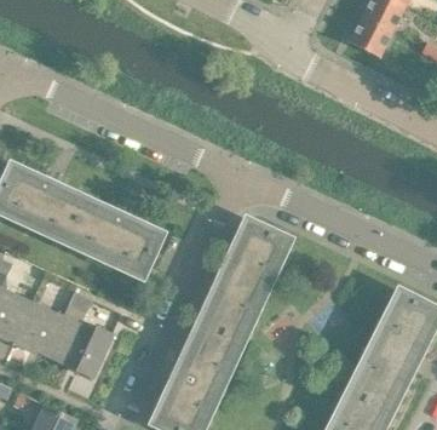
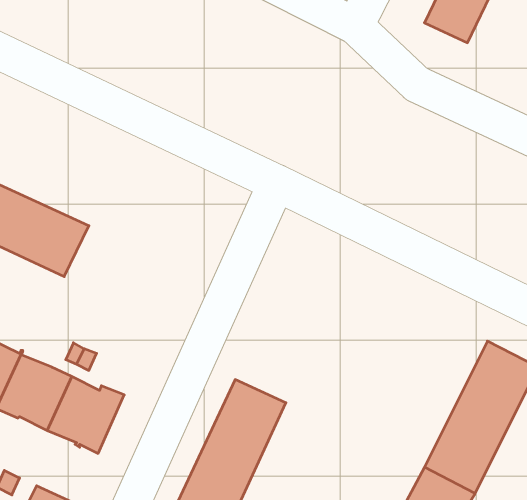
building: [64,199,157,274] -> none
building: [199,219,286,338] -> none

